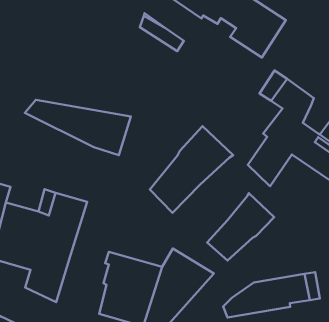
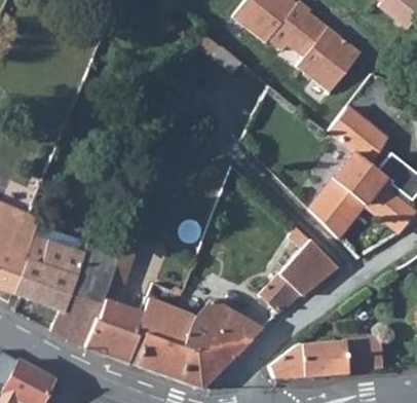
building: [25,100,131,155] -> none
building: [150,126,233,213] -> none
building: none -> [84,297,146,365]

